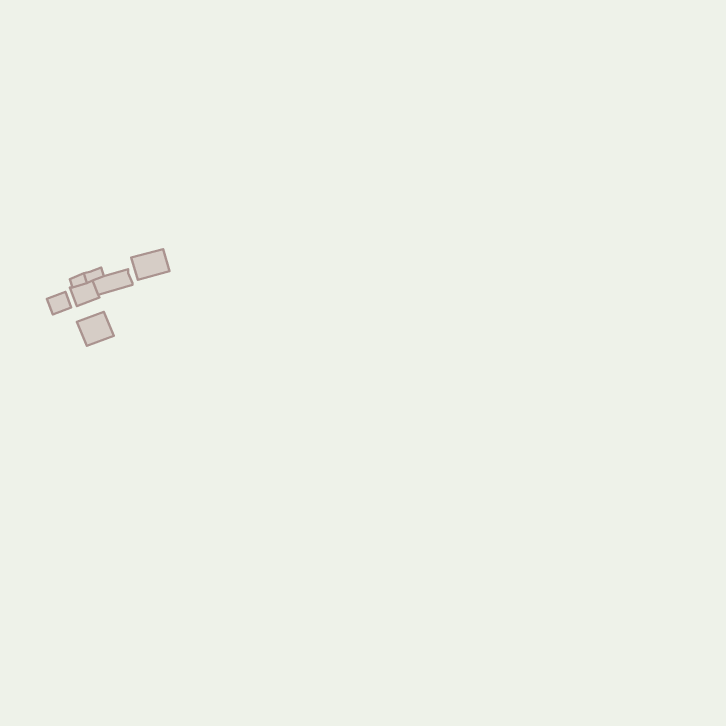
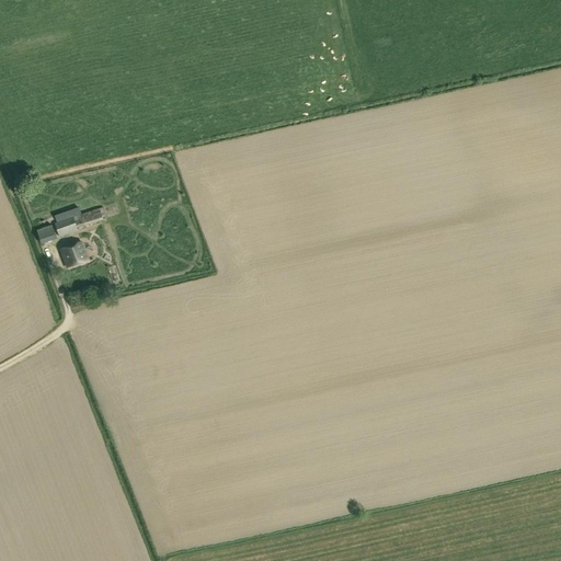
building: [131,249,170,280] -> none

